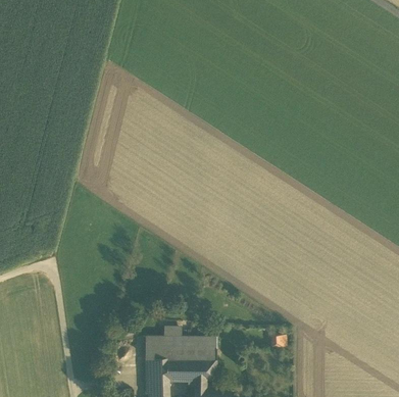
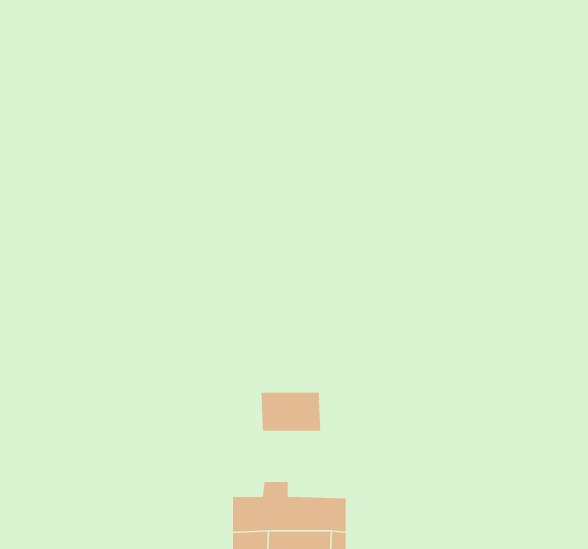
building: none -> [260,392,321,432]

